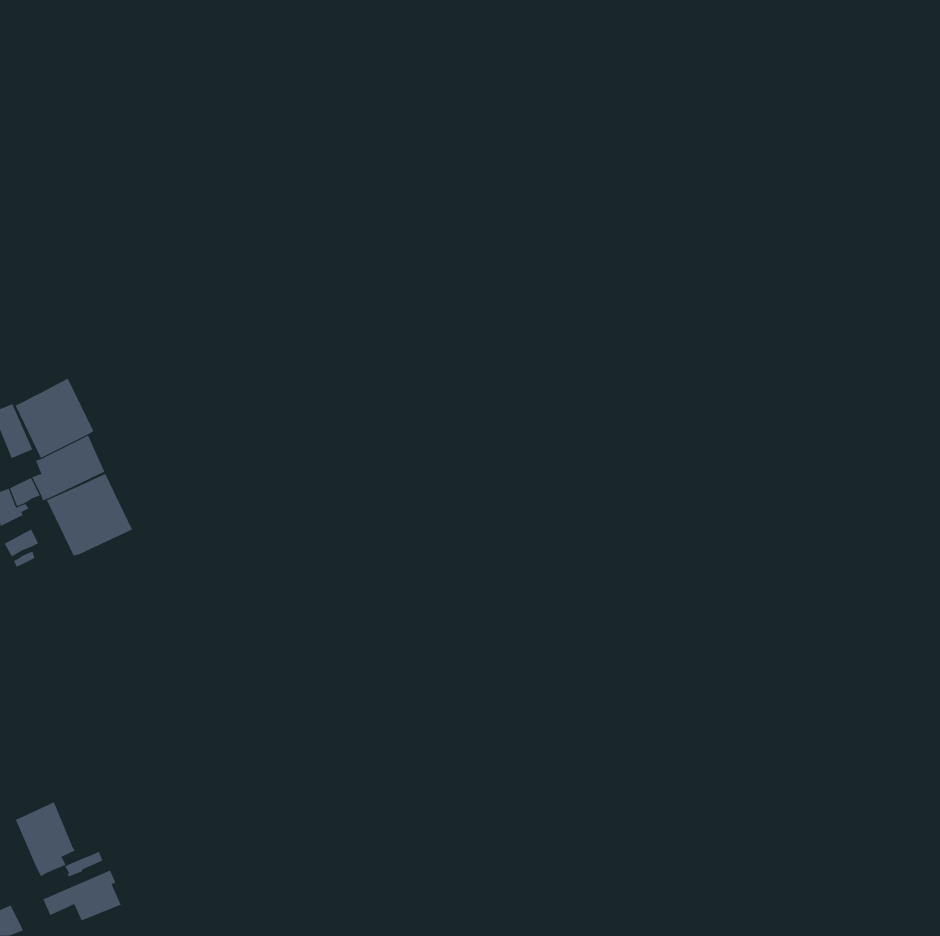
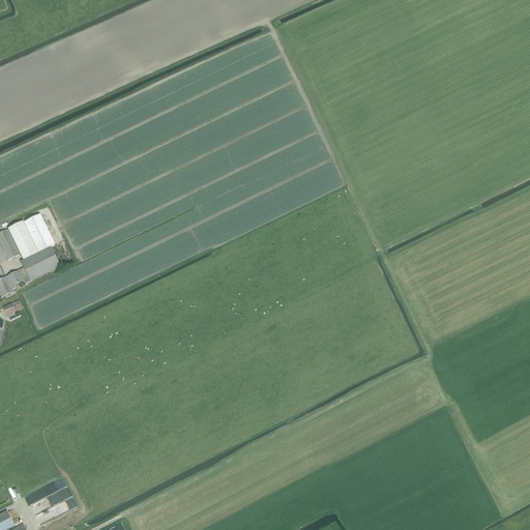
building: [46,473,133,557] -> none
building: [15,802,76,877] -> none

